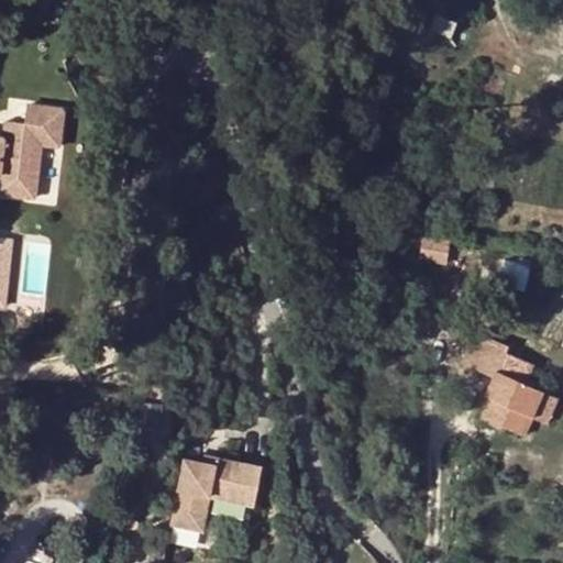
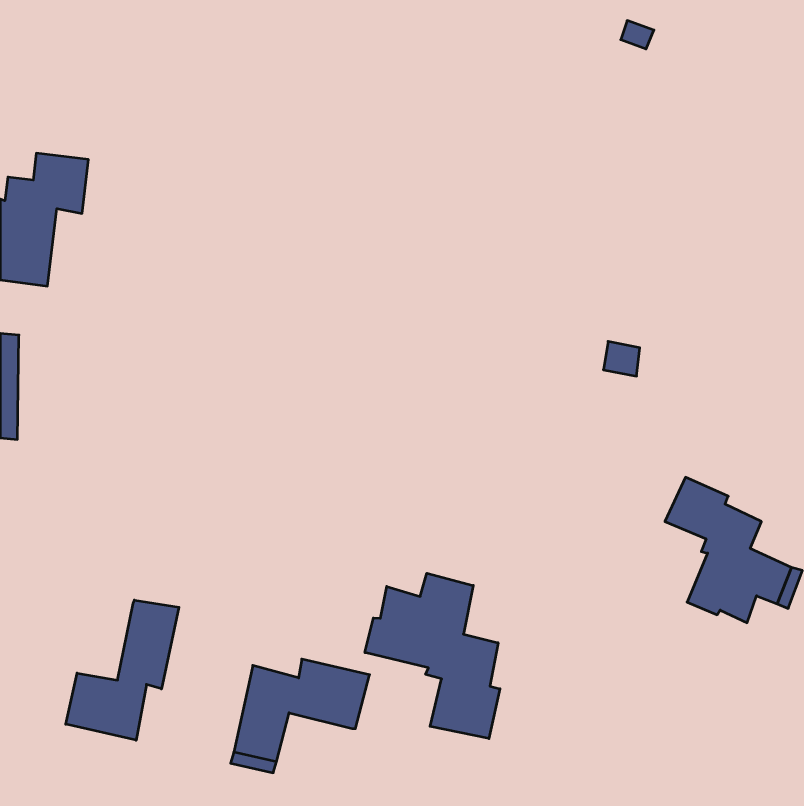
building: none -> [365,573,500,739]
building: none -> [66,600,179,740]

